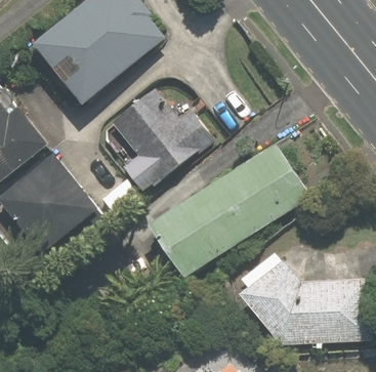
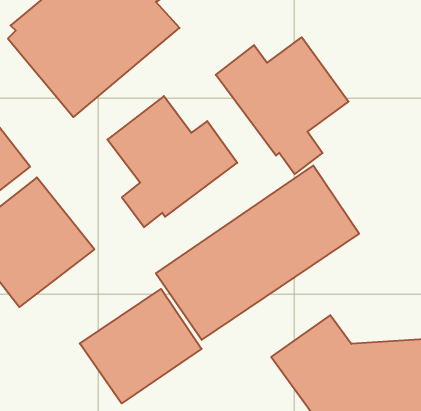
building: none -> [216,37,349,174]
building: none -> [80,289,202,403]

